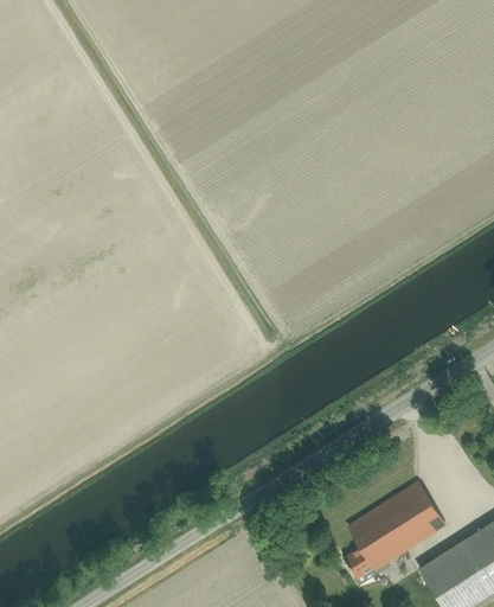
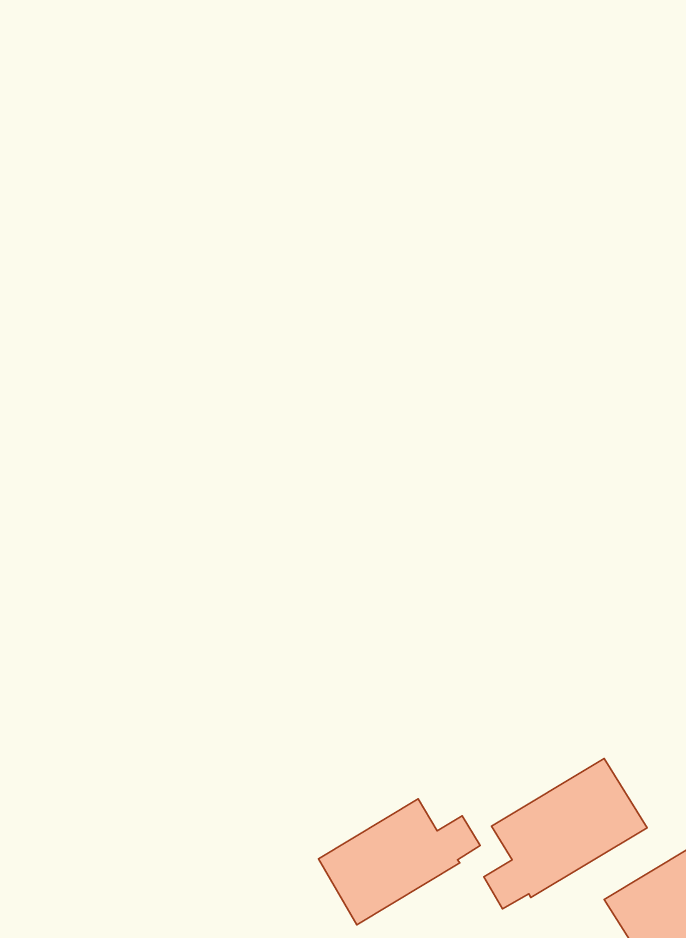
building: none -> [318,799,480,925]

